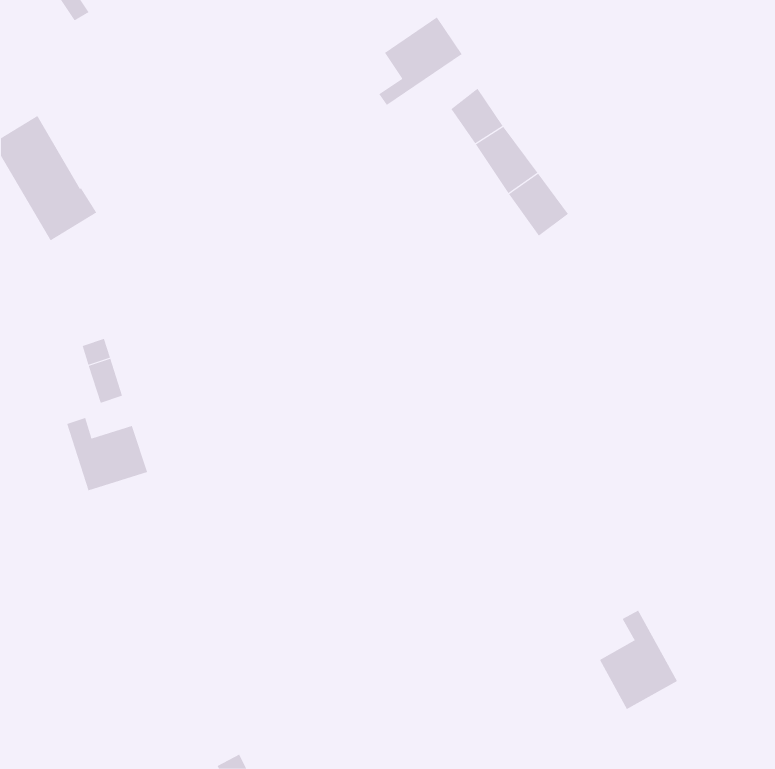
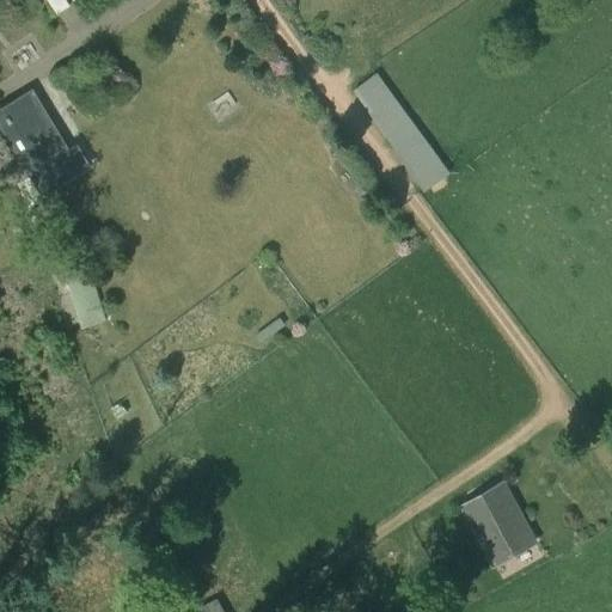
building: [379,16,463,106] -> none
building: [66,417,148,491] -> none

